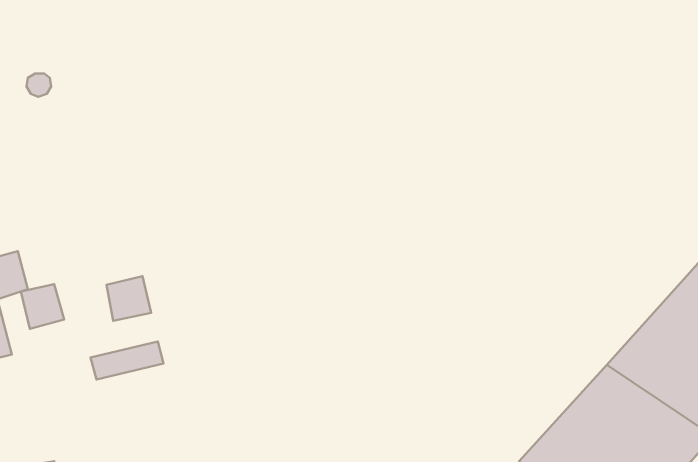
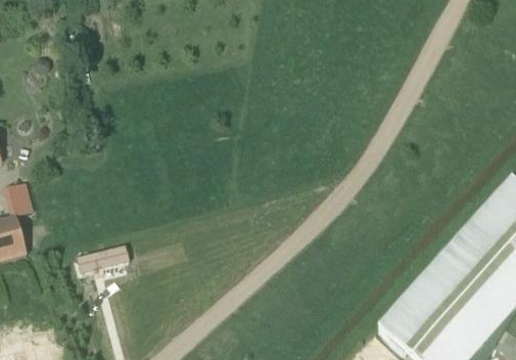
building: [106,276,151,321] -> none
building: [21,284,64,329] -> none

